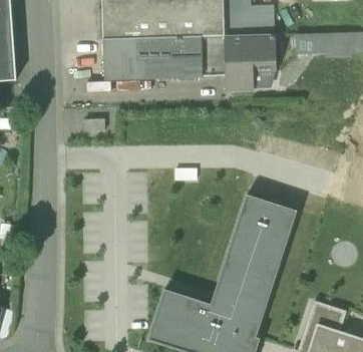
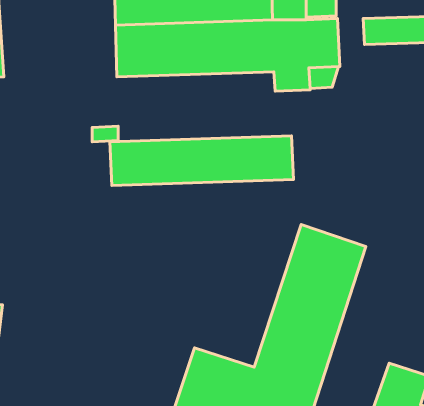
building: none -> [110,136,293,186]

